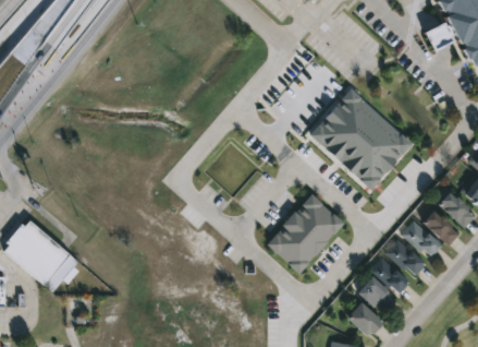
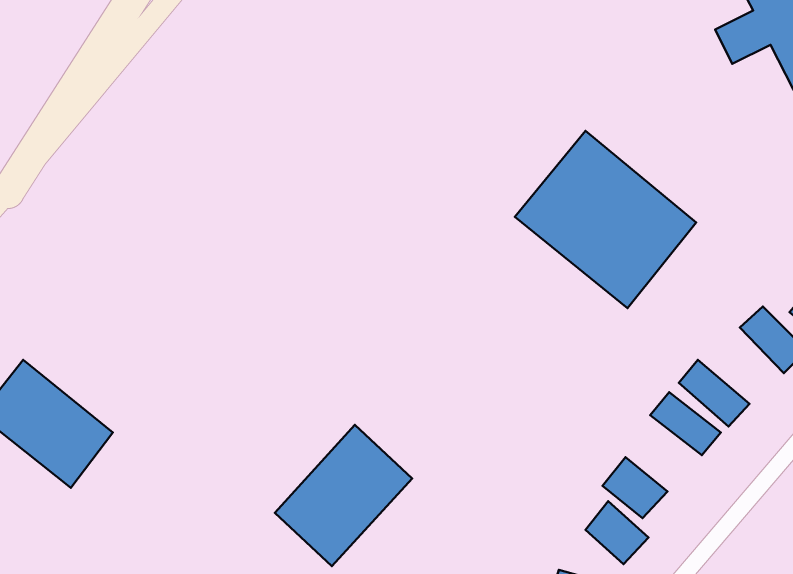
building: [266,194,344,275] -> [275,425,412,566]
building: [420,206,458,246] -> none
building: [372,256,409,294] -> none

